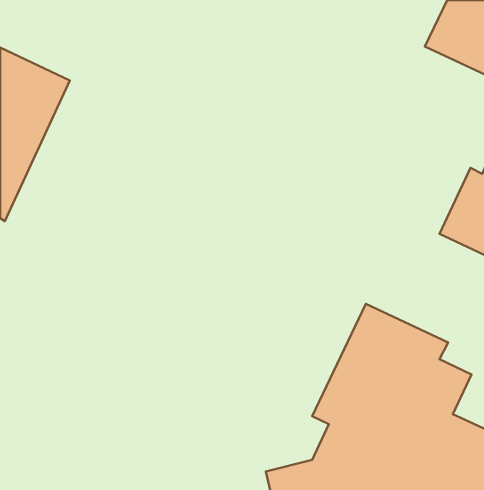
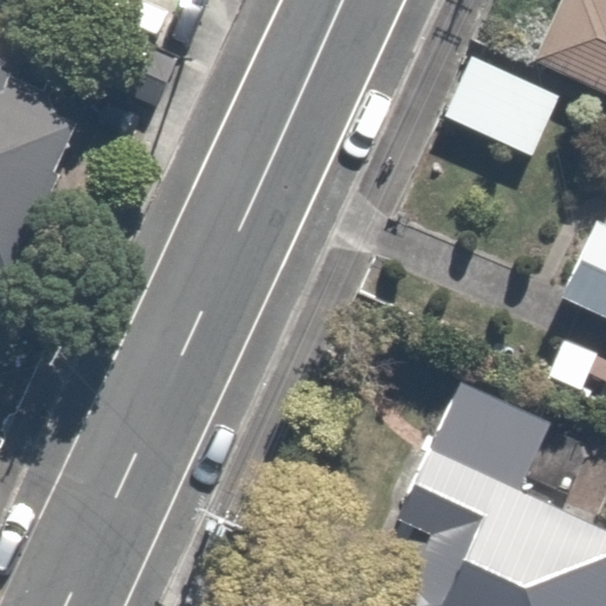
building: none -> [441,54,580,172]

